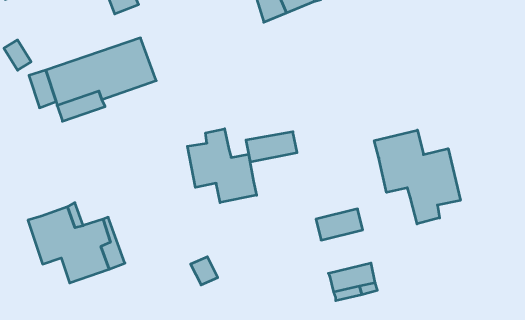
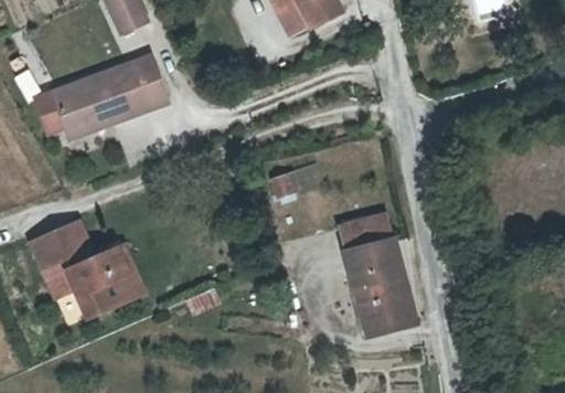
building: [187,129,257,203] -> none
building: [374,130,460,224] -> none
building: none -> [332,209,384,248]
building: none -> [345,259,398,306]

